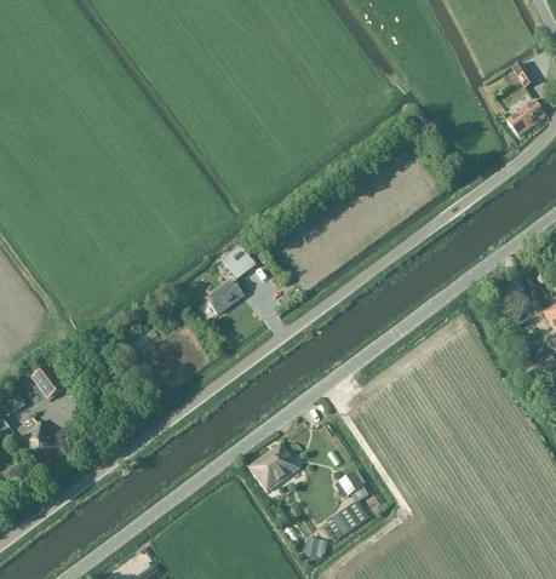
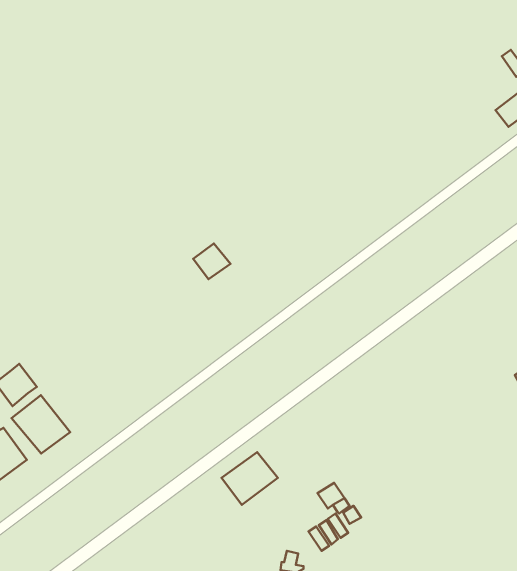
building: [206,279,243,314] -> none
building: none -> [12,395,70,454]

